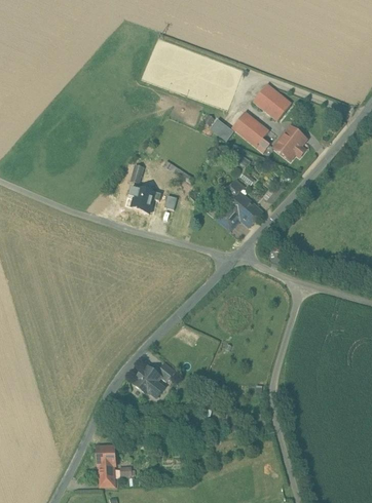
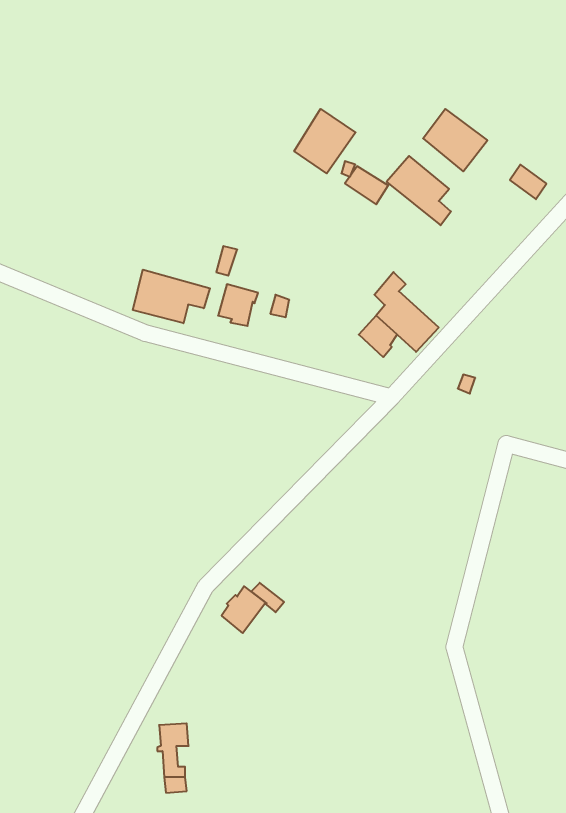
building: none -> [294,109,356,173]
building: [271,126,306,160] -> none
building: none -> [133,270,210,323]

